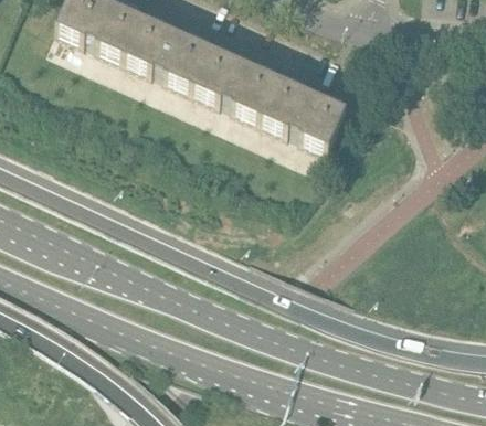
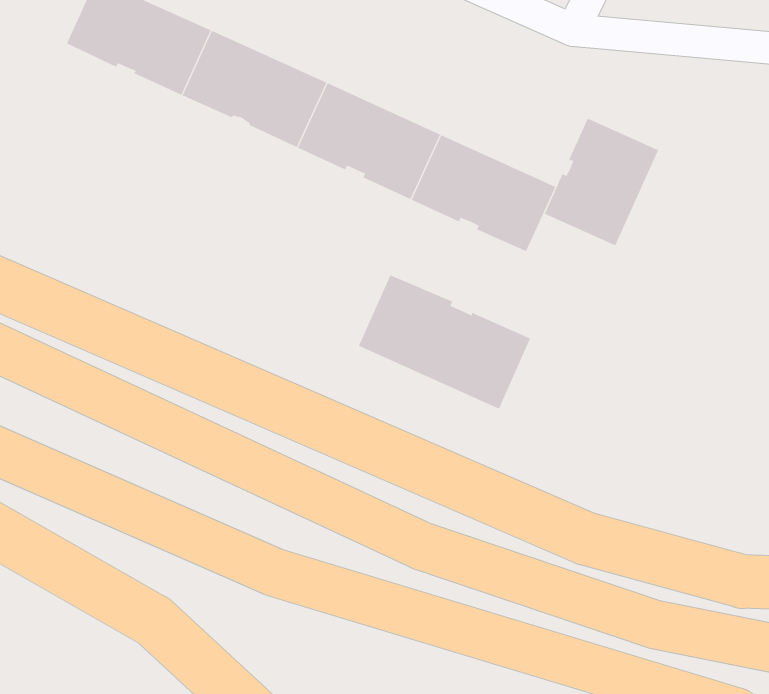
building: none -> [544,118,659,246]
building: none -> [358,275,531,410]

